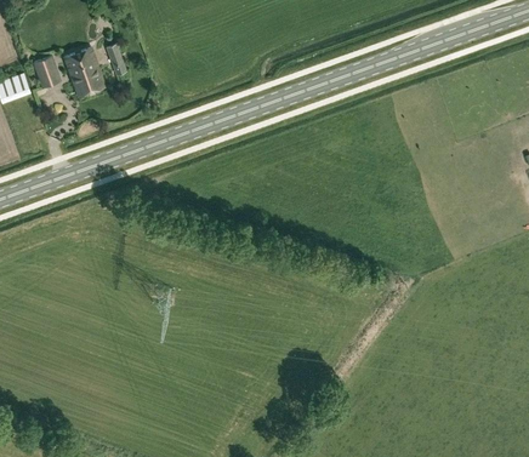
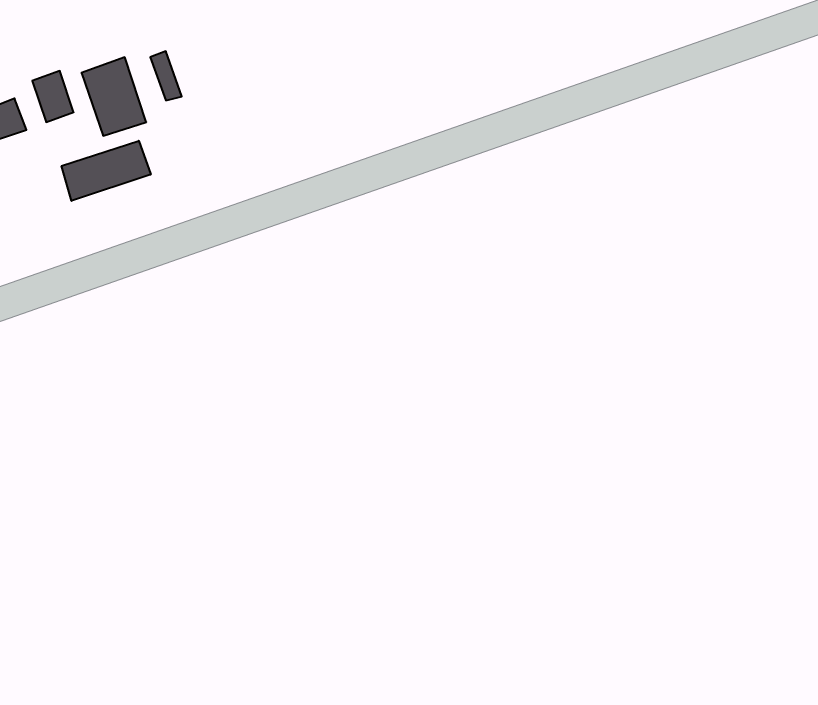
building: none -> [62,141,151,201]

